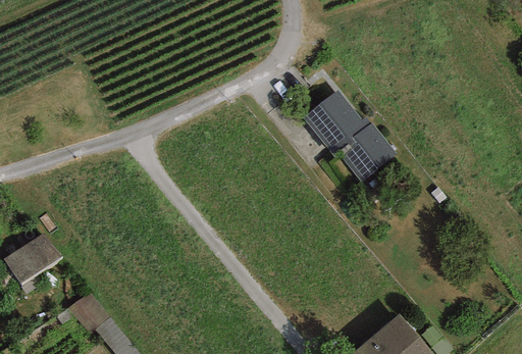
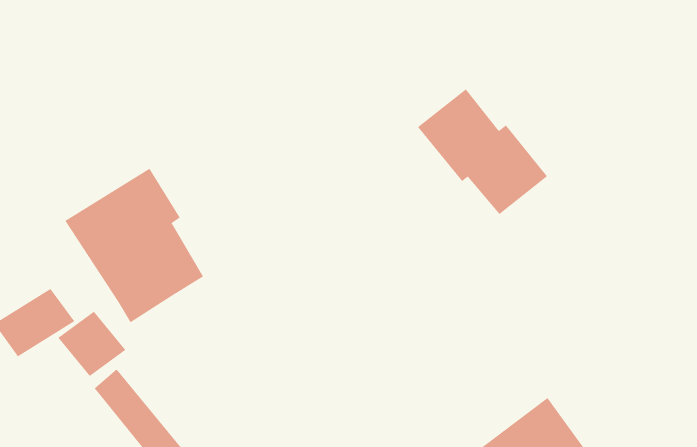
building: none -> [65,168,204,323]
building: none -> [57,311,126,377]

